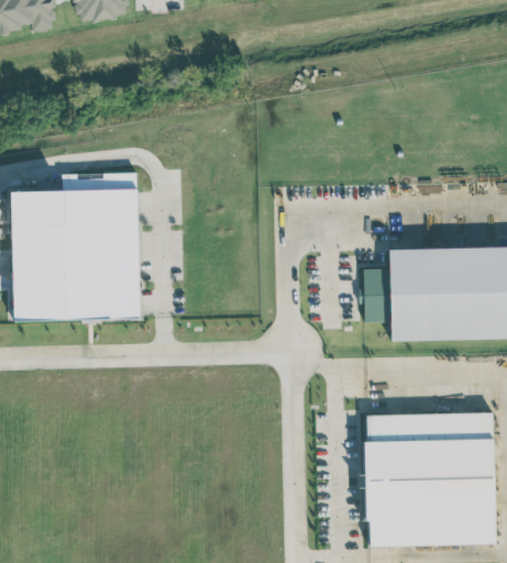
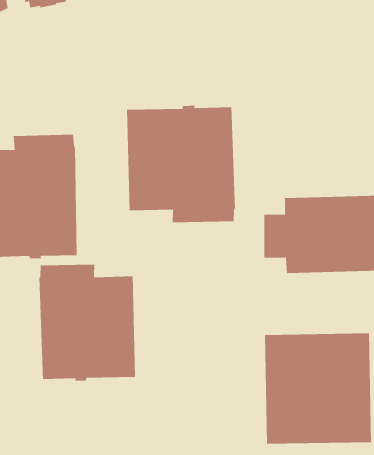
building: none -> [127,105,235,223]
building: none -> [39,264,136,382]

